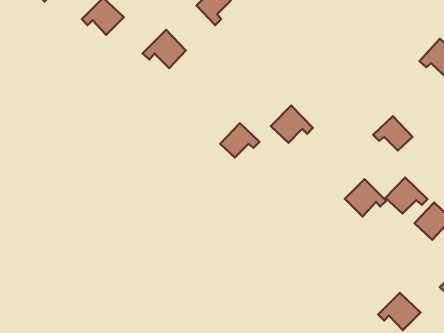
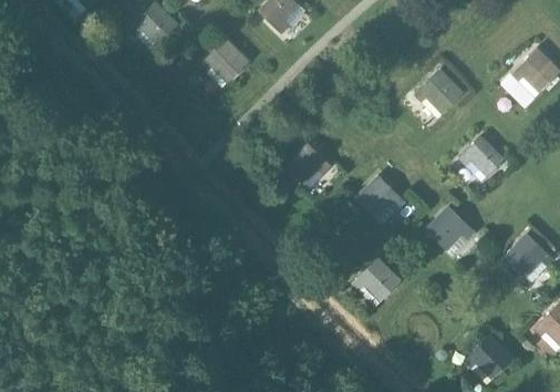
building: none -> [415,70,463,112]
building: [271,105,313,143] -> [356,175,404,217]
building: [386,177,428,214] -> none
building: none -> [352,258,401,306]

